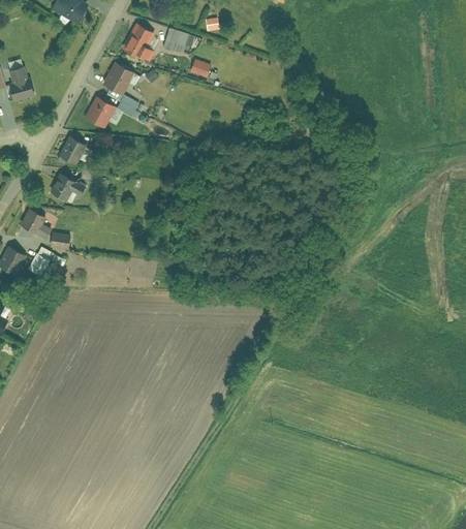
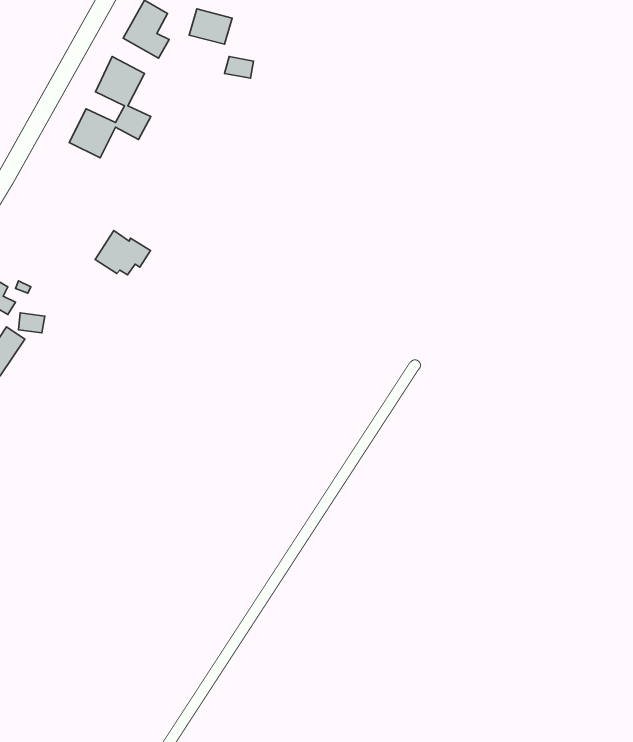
building: [62,135,93,163] -> none
building: [49,174,86,204] -> [95,230,151,275]

